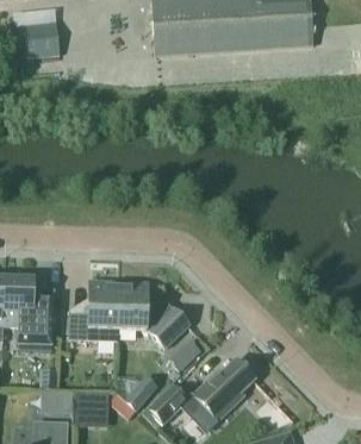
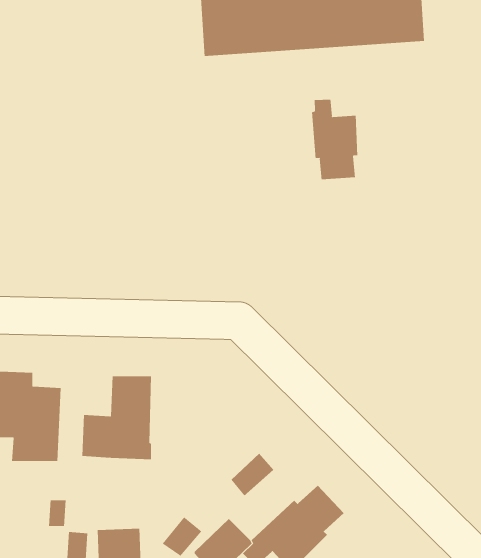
building: [14,20,58,57] -> none
building: none -> [311,99,358,180]
building: [116,281,188,346] -> none

